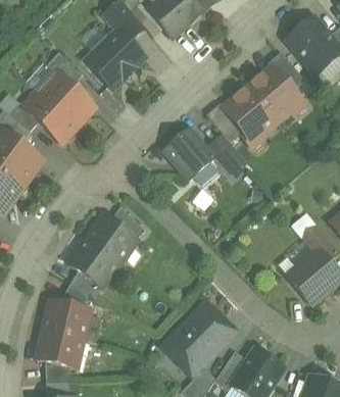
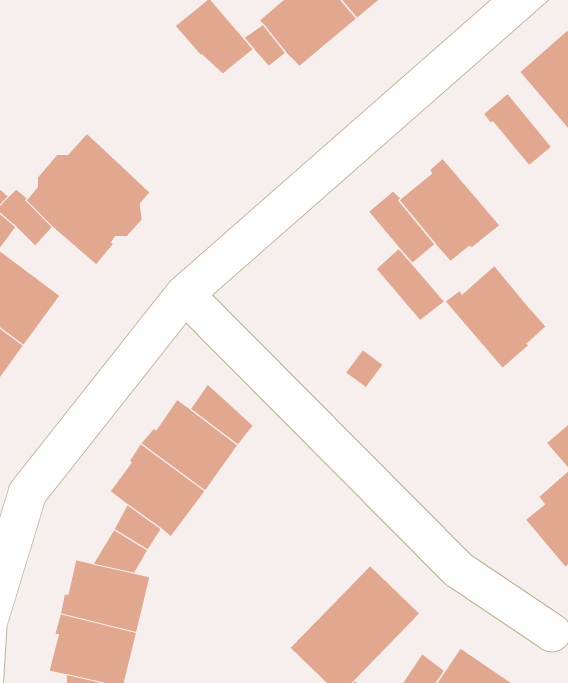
building: [85,31,144,89] -> none
building: [46,52,82,87] -> none
building: [246,66,300,121] -> [445,265,546,369]
building: [164,129,214,180] -> none

